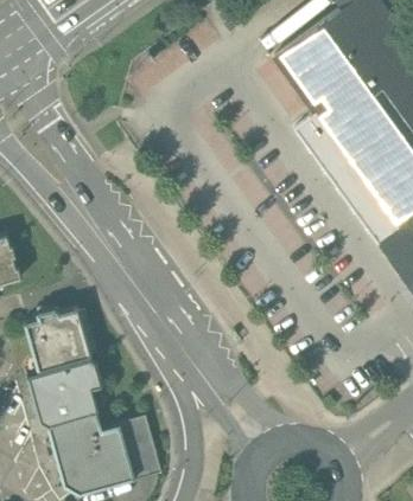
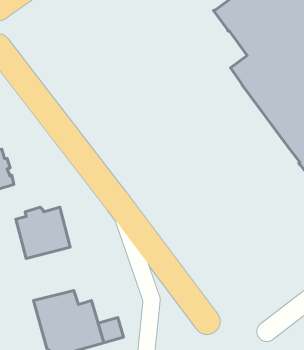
building: [26,355,107,424] -> none
building: [120,416,153,451] -> none

